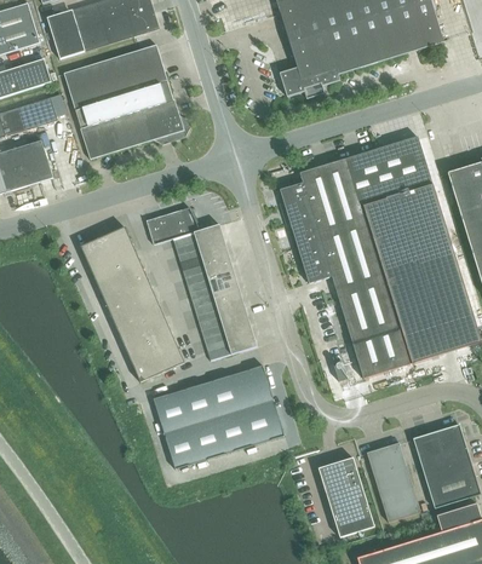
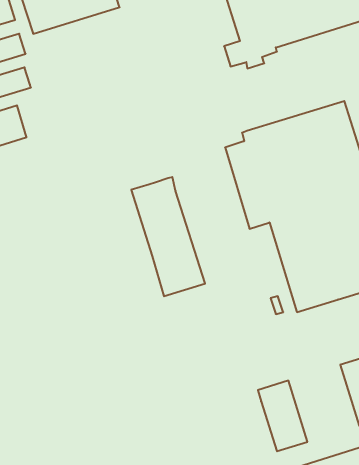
building: [64,44,190,159] -> none
building: [147,206,201,243] -> none
building: [81,226,185,381] -> none
building: [154,364,285,468] -> none
building: [367,442,421,522] -> none

